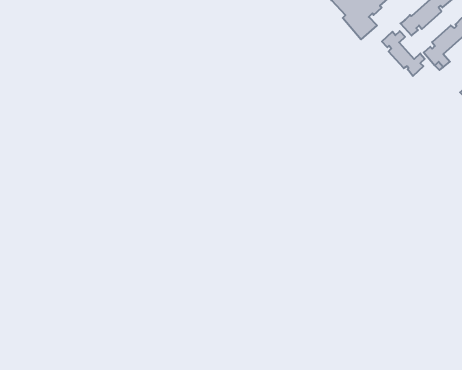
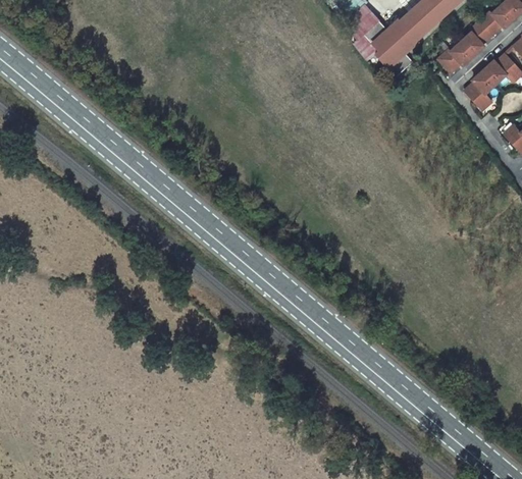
building: [382,31,425,76] -> none

